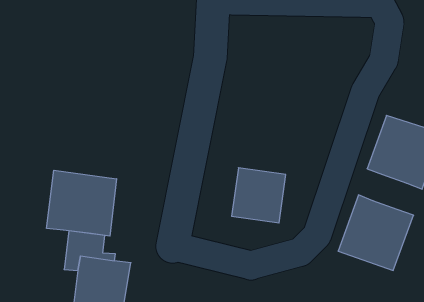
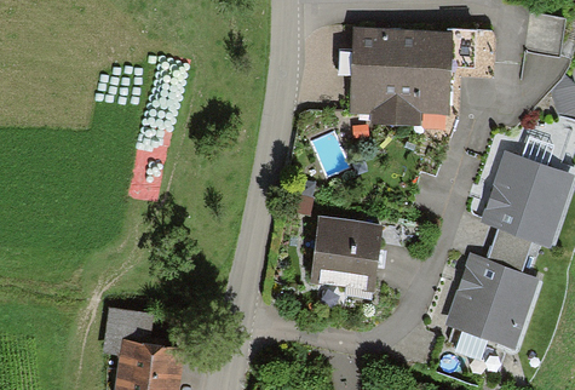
building: none -> [350,25,481,127]
building: [47,170,117,236] -> none
building: none -> [489,228,531,271]

